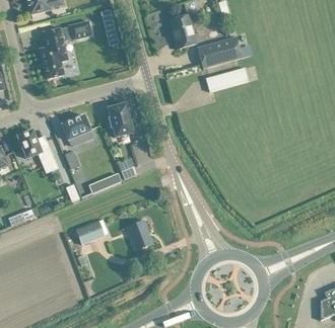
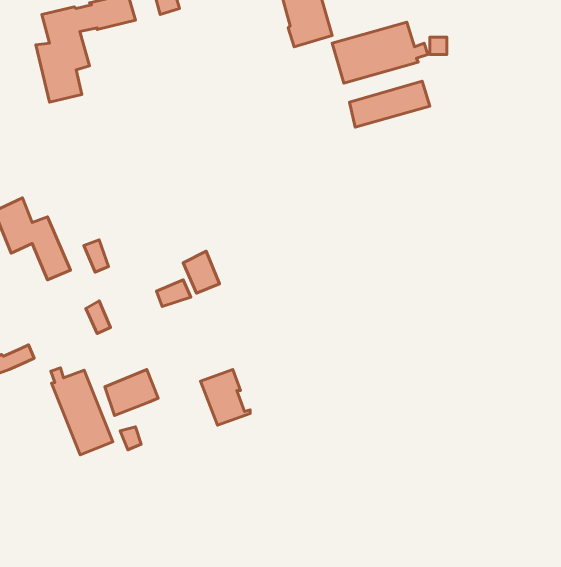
building: [108,102,134,137] -> none
building: [61,114,92,141] -> none
building: none -> [51,368,113,455]

